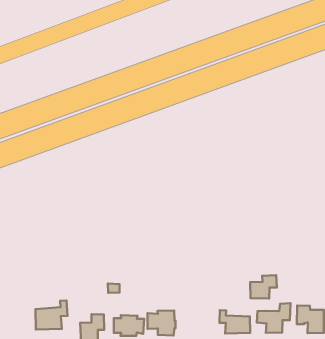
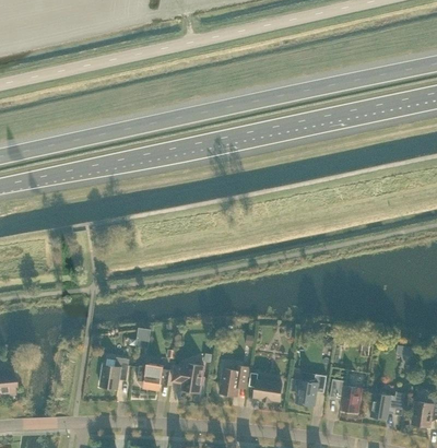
building: [250,275,277,298] -> none
building: [35,300,67,329] -> none
building: none -> [220,365,249,396]

